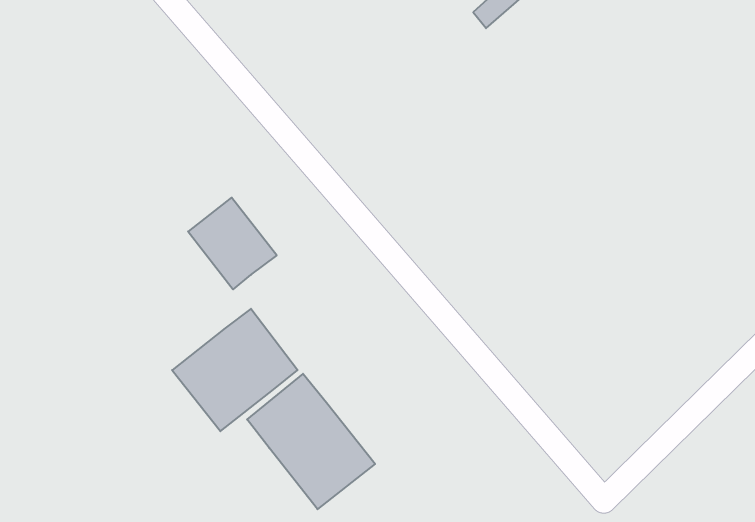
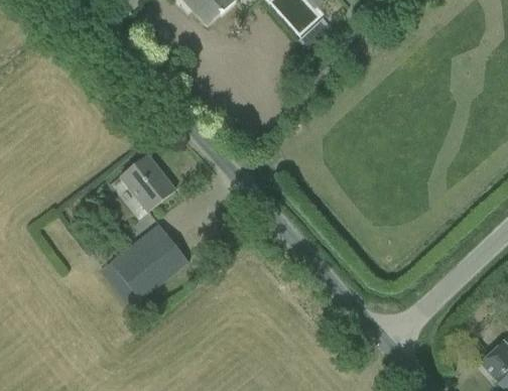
building: [247,374,375,509] -> none

